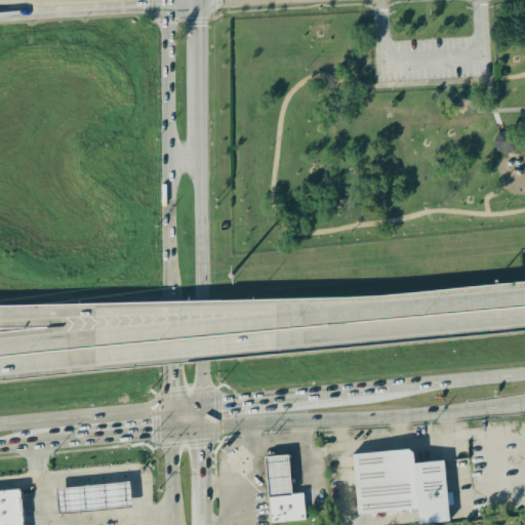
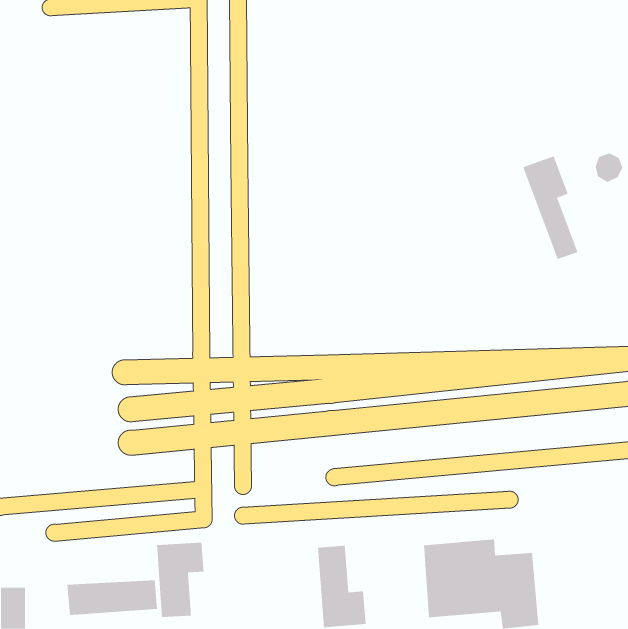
building: none -> [523,156,578,260]
building: none -> [156,542,204,618]

